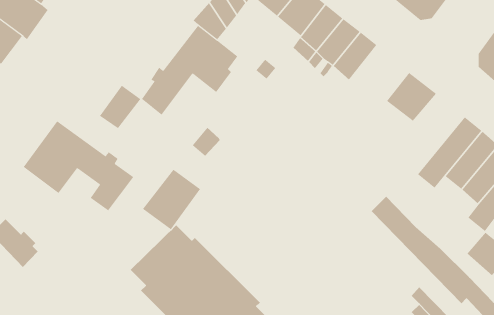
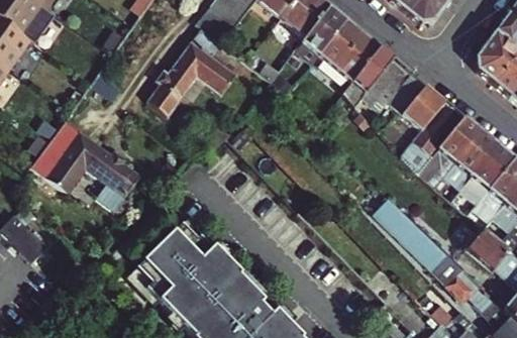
building: none -> [342,46,410,104]
building: [99,85,141,129] -> none
building: none -> [401,94,464,173]
building: [142,169,201,230] -> none

